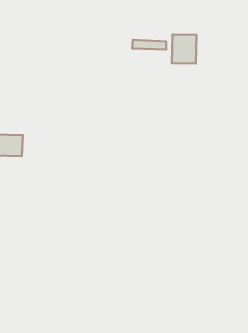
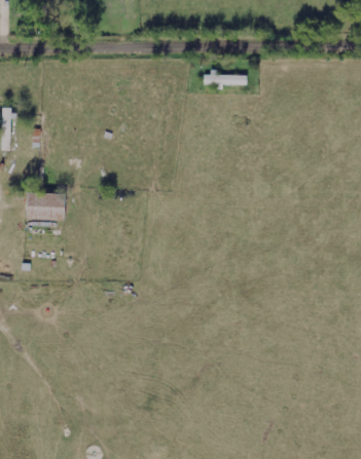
building: [172,35,197,64] -> none

